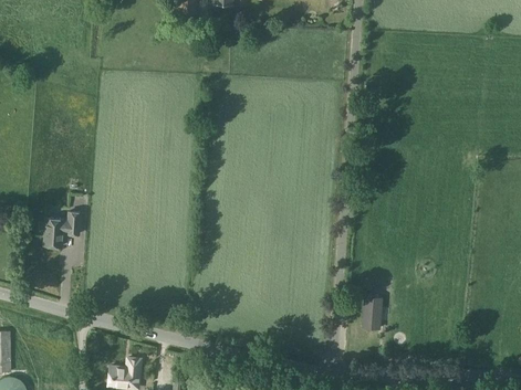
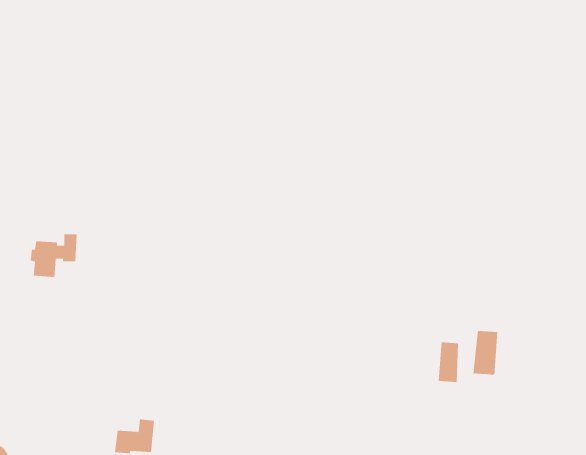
building: none -> [473,330,498,375]

